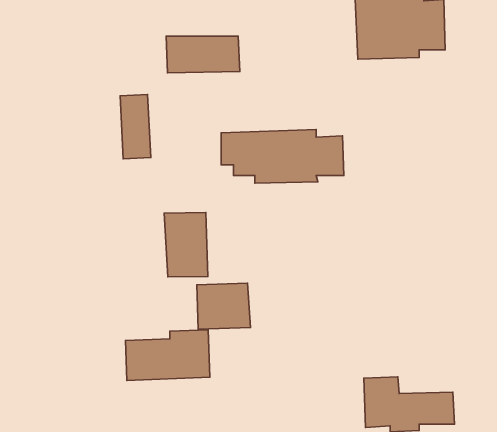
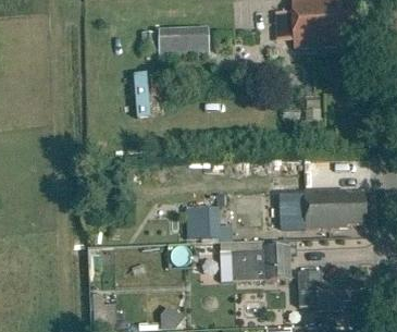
building: [221,130,344,183] -> [278,188,365,226]
building: [164,213,208,277] -> none
building: [125,330,210,380] -> [232,243,291,279]

